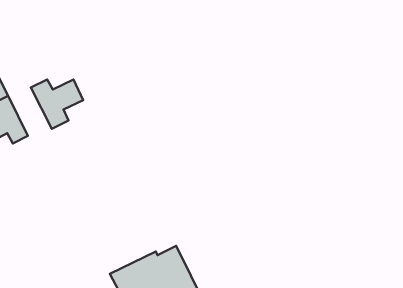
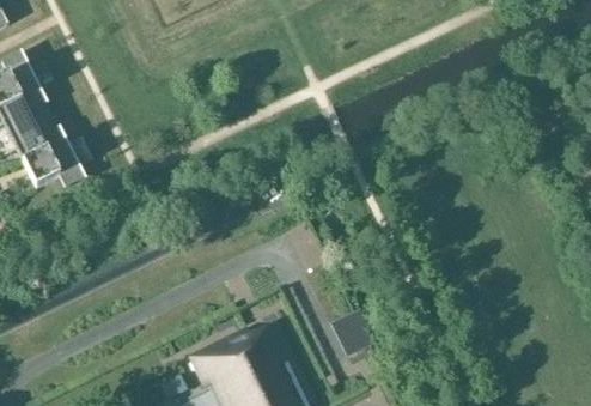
building: [31,79,83,129] -> none

